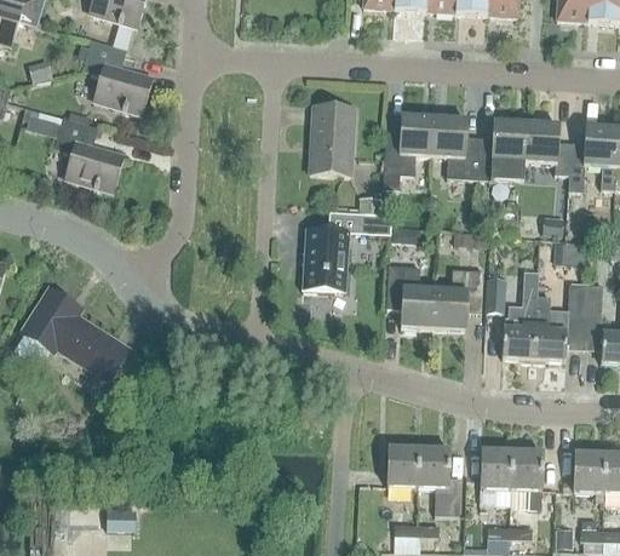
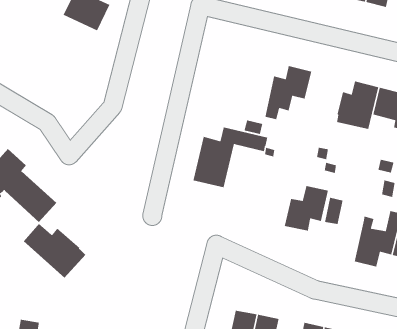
building: [309,105,355,176] -> none
building: [51,116,125,193] -> none
building: [432,116,480,178] -> none
building: [386,264,436,327] -> none
building: [503,299,536,357] -> none
building: none -> [23,223,86,279]

